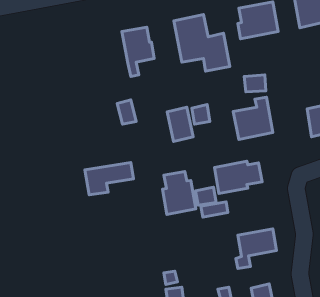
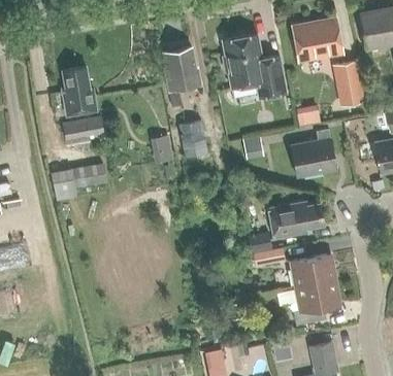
building: none -> [331,60,364,105]
building: none -> [63,68,96,116]
building: none -> [61,116,105,146]
building: [167,107,193,141] -> [176,119,206,159]
building: [85,163,133,195] -> [50,164,105,201]
building: [162,172,196,215] -> none
building: none -> [290,254,335,286]

